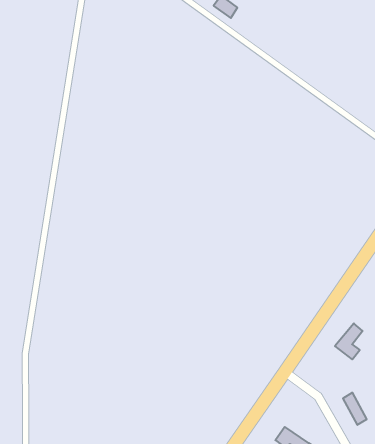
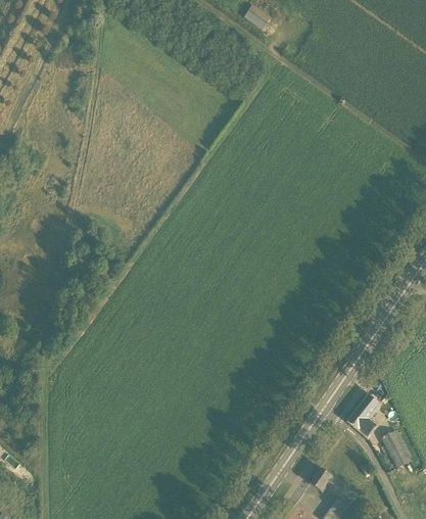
building: [335,323,363,359] -> [349,396,379,435]

